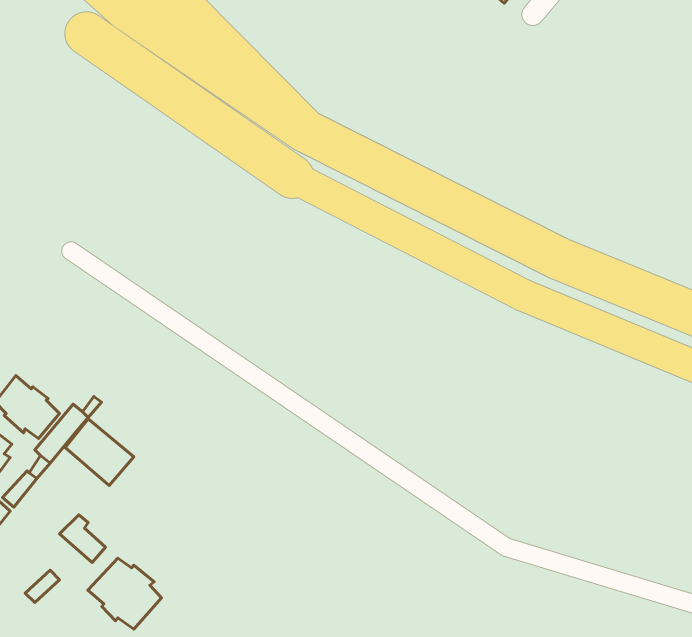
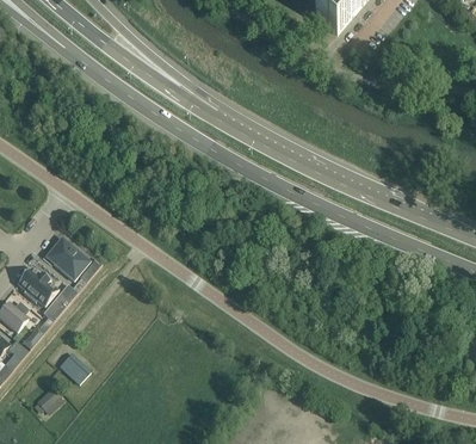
building: [65,419,134,486] -> [47,234,89,276]
building: [88,558,162,629] -> none

